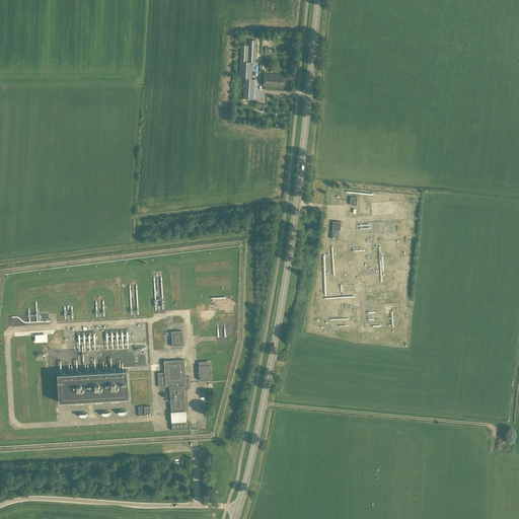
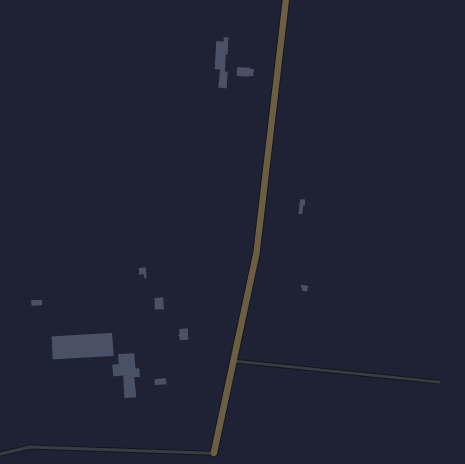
building: [157,361,190,413] -> [112,352,141,399]

